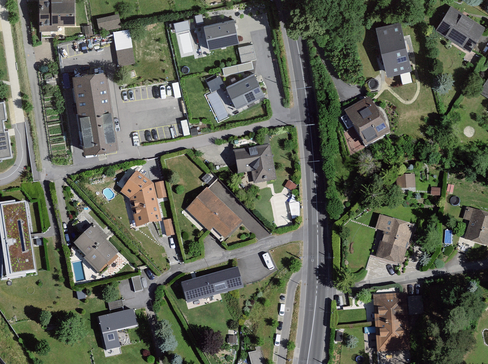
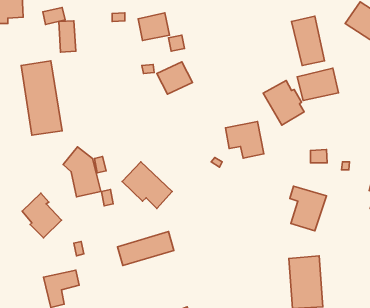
building: none -> [297,68,338,100]
building: [233,142,276,183] -> [225,122,264,158]

